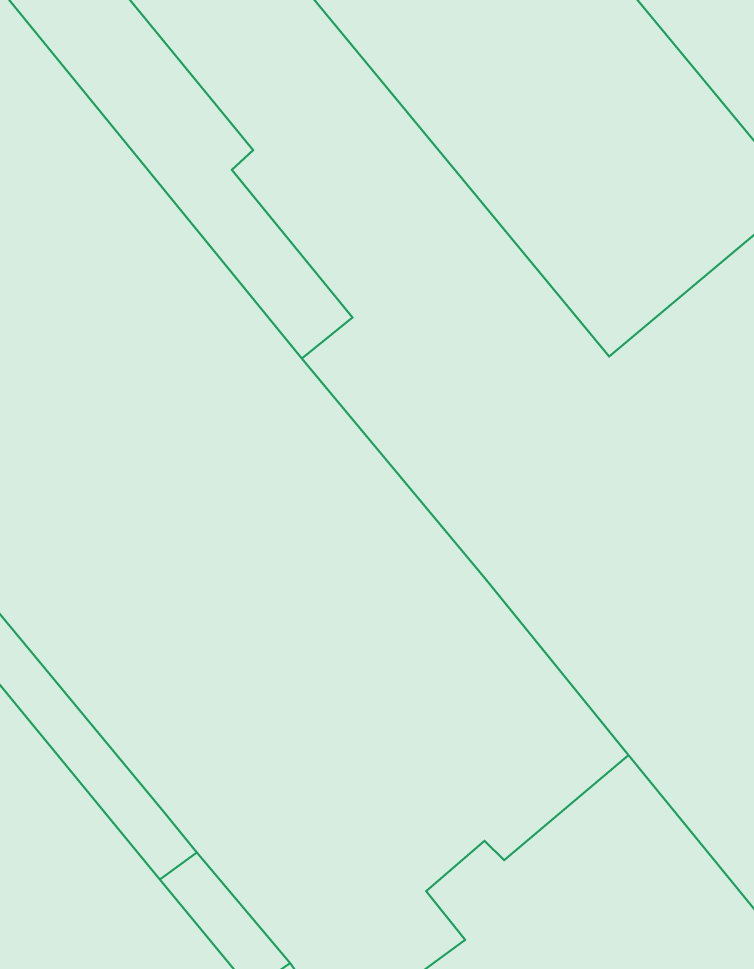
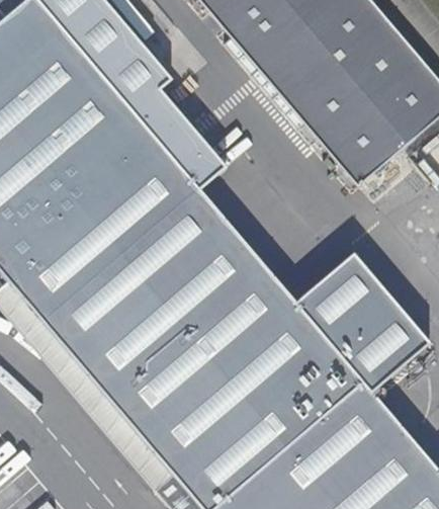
building: none -> [296,255,428,394]

